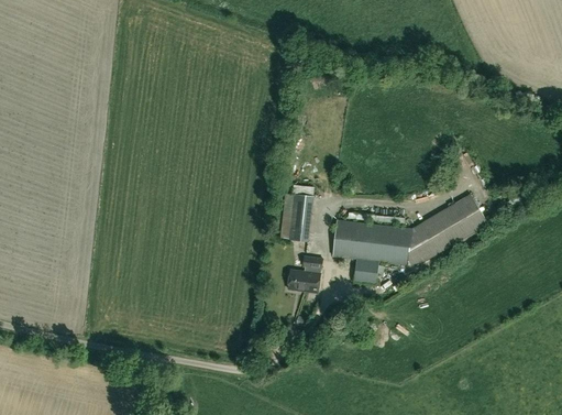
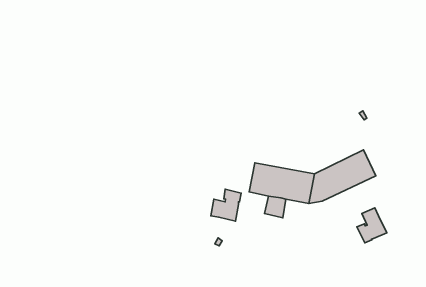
building: [280,193,315,240] -> none
building: none -> [357,208,387,243]

